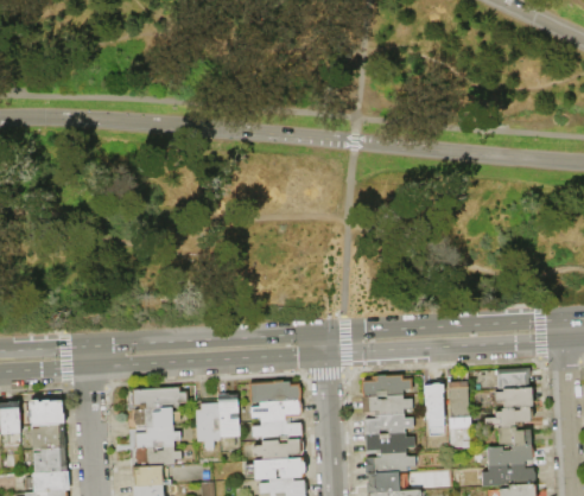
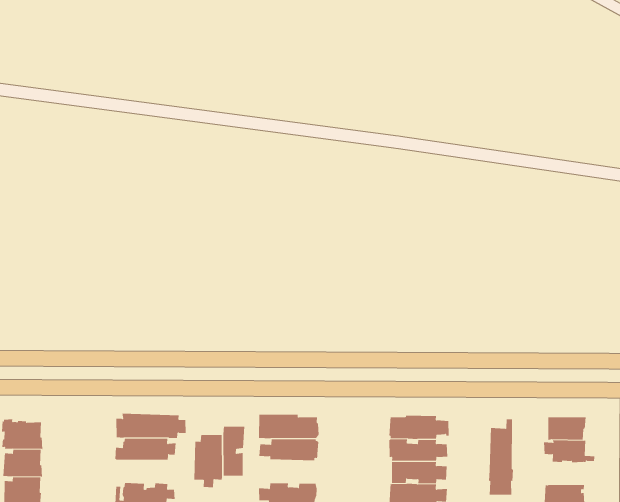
building: [423,376,445,421] -> none
building: [483,408,532,431] -> none
building: [250,421,303,443] -> none
building: [128,428,180,451] -> none

